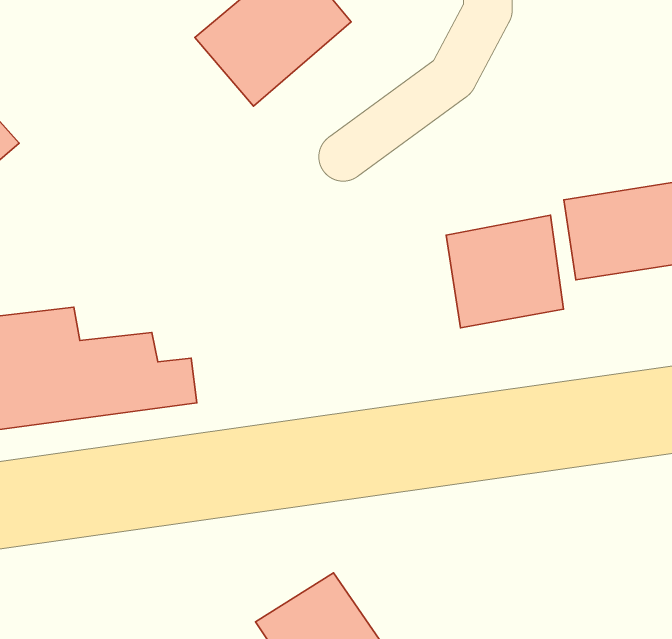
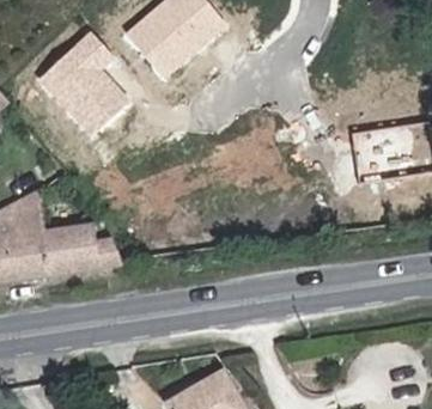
building: none -> [41,38,127,138]
building: [446,215,563,328] -> none

